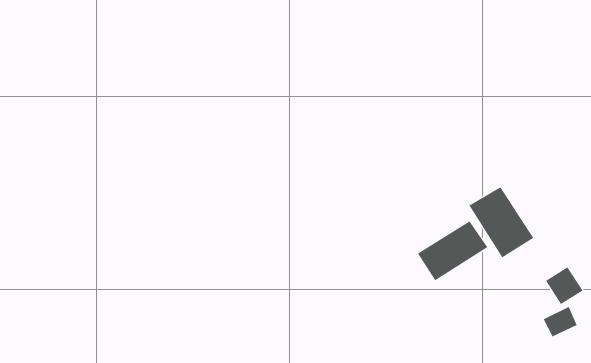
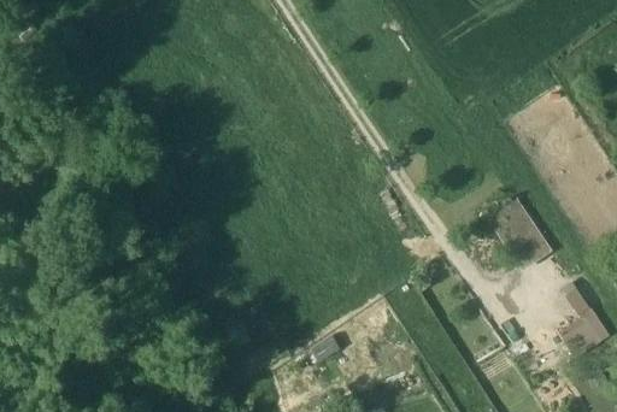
building: [417,221,488,281] -> none

